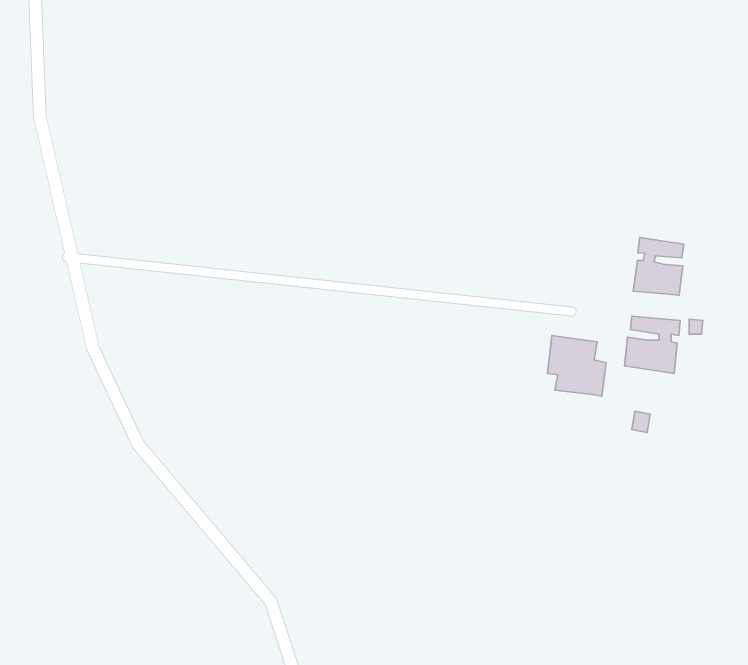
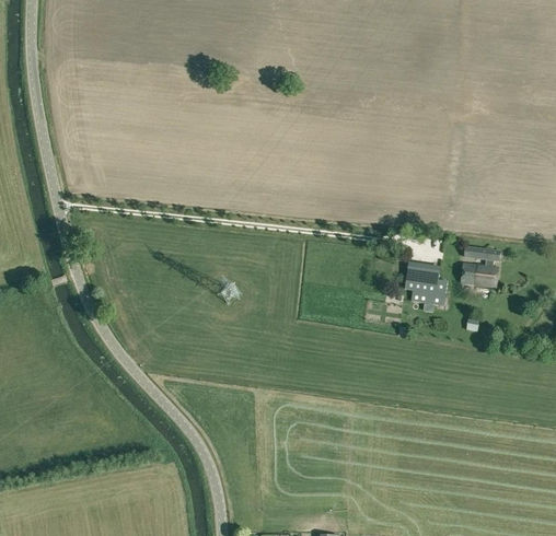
building: [633,238,684,295] -> none

